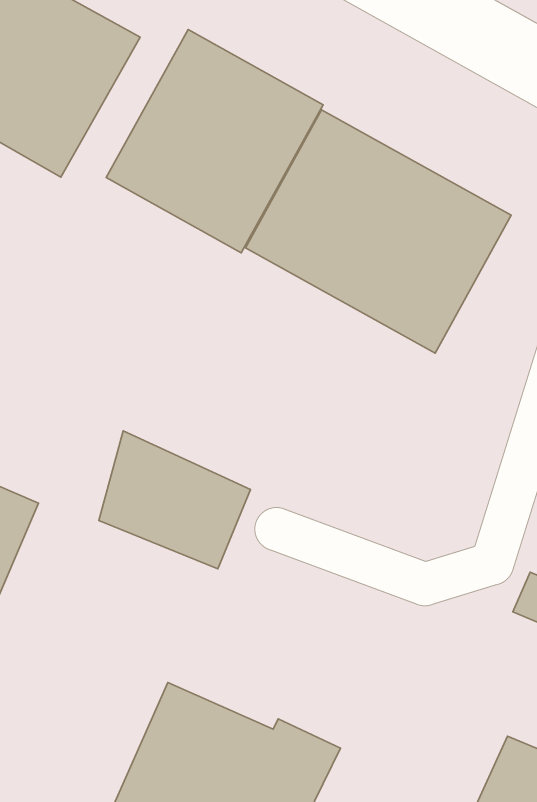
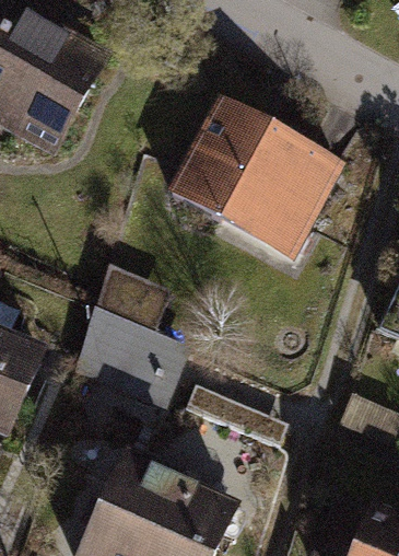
building: [106,30,323,253] -> none

